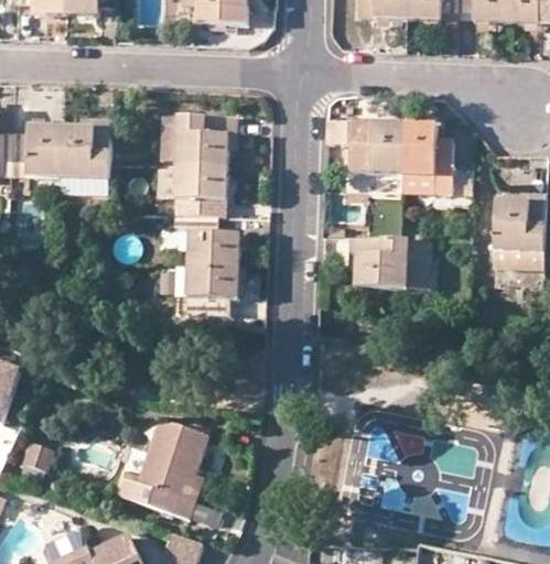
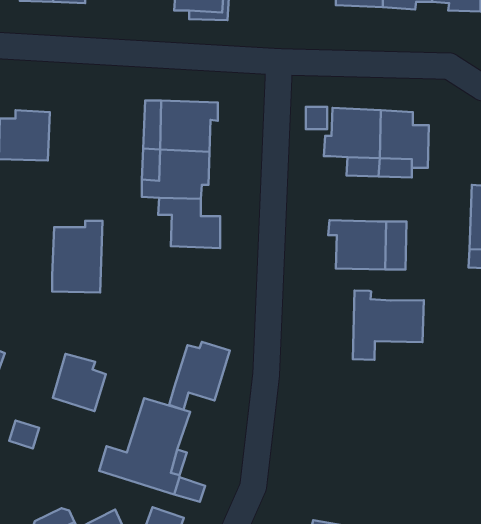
building: [61,119,112,193] -> [52,221,102,293]
building: [186,263,238,316] -> none
building: none -> [353,291,424,360]
building: none -> [169,342,230,410]
building: none -> [53,354,106,411]

